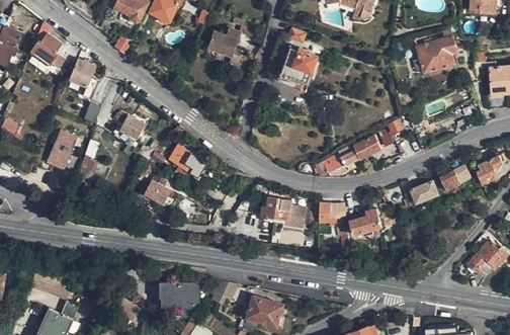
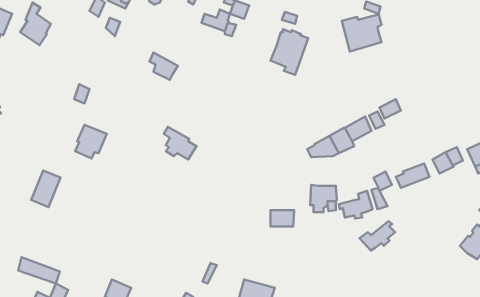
building: [415,36,454,74] -> [342,14,382,51]
building: [68,59,99,99] -> none
building: [115,111,144,139] -> [149,52,178,80]
building: [48,129,77,165] -> [31,170,61,207]
building: [144,171,176,204] -> none
building: [264,196,307,223] -> none
building: none -> [360,221,395,250]
building: [159,283,197,306] -> none

